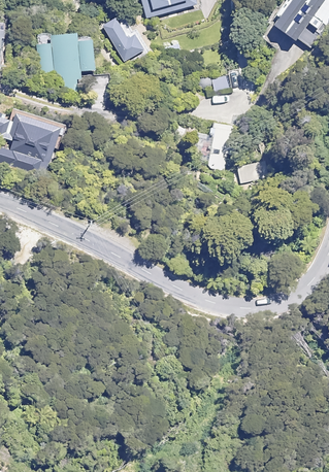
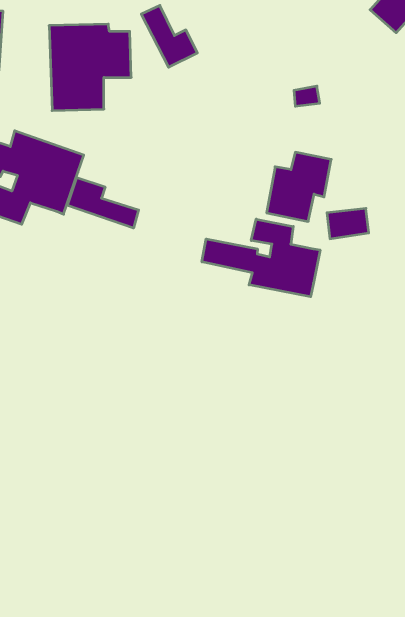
building: none -> [68,177,139,228]
building: none -> [202,219,320,297]

